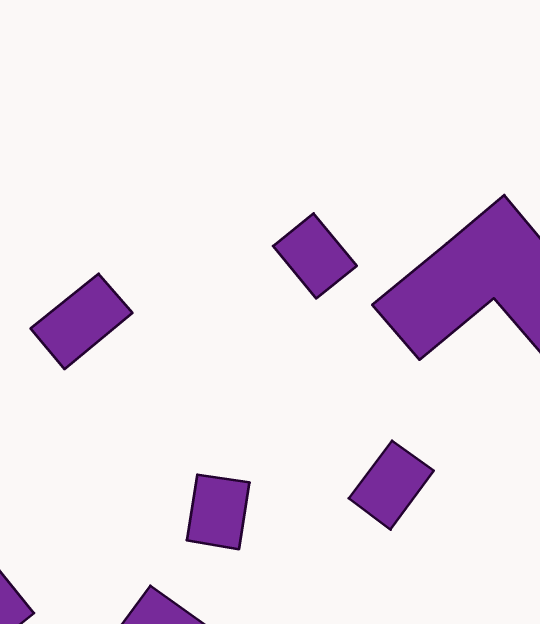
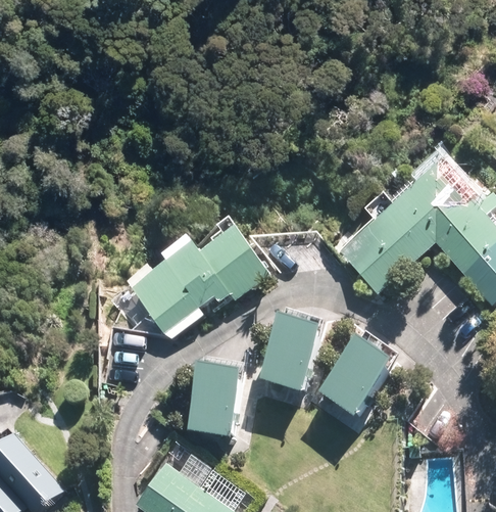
building: [273,213,357,298] -> [203,234,268,300]
building: [31,274,132,369] -> [135,259,214,333]
building: none -> [263,324,318,388]

